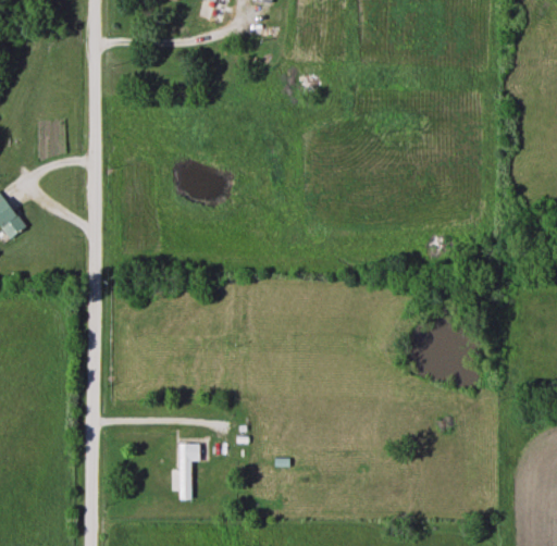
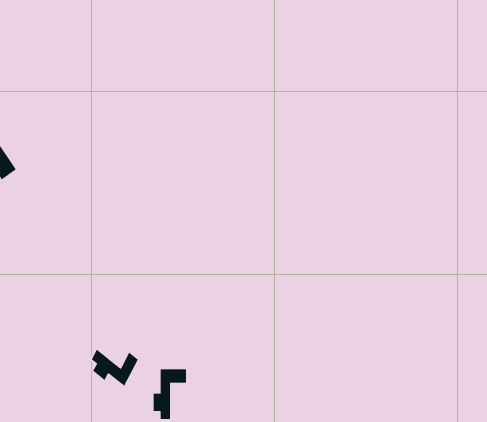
building: none -> [91,349,139,387]

